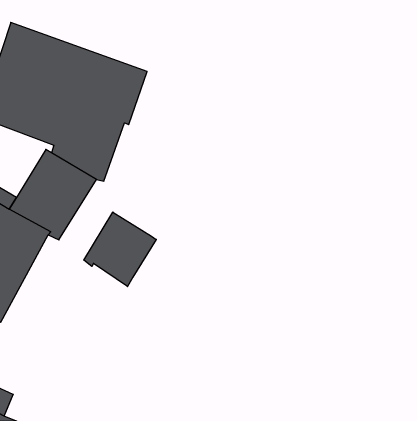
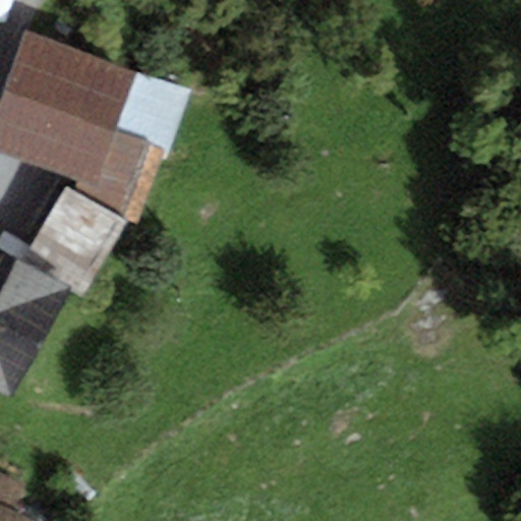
building: [84,212,156,287] -> none

